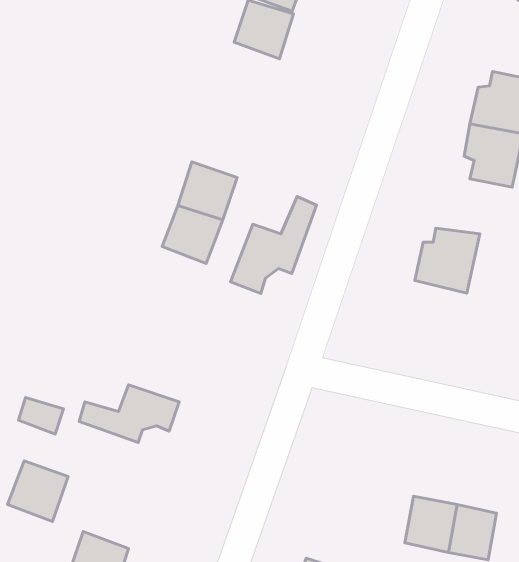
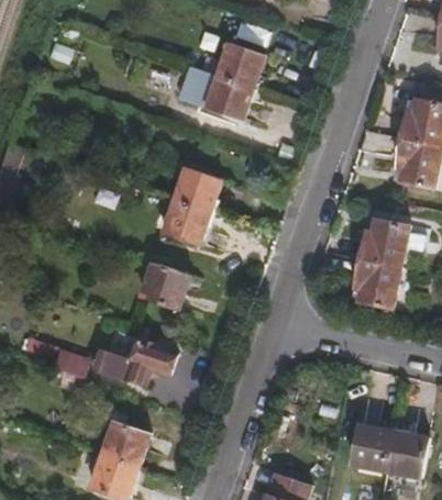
building: none -> [178,64,253,118]
building: [230,196,317,294] -> none
building: none -> [354,258,399,307]
building: none -> [141,263,186,308]
building: [7,461,68,522] -> [100,420,147,467]

